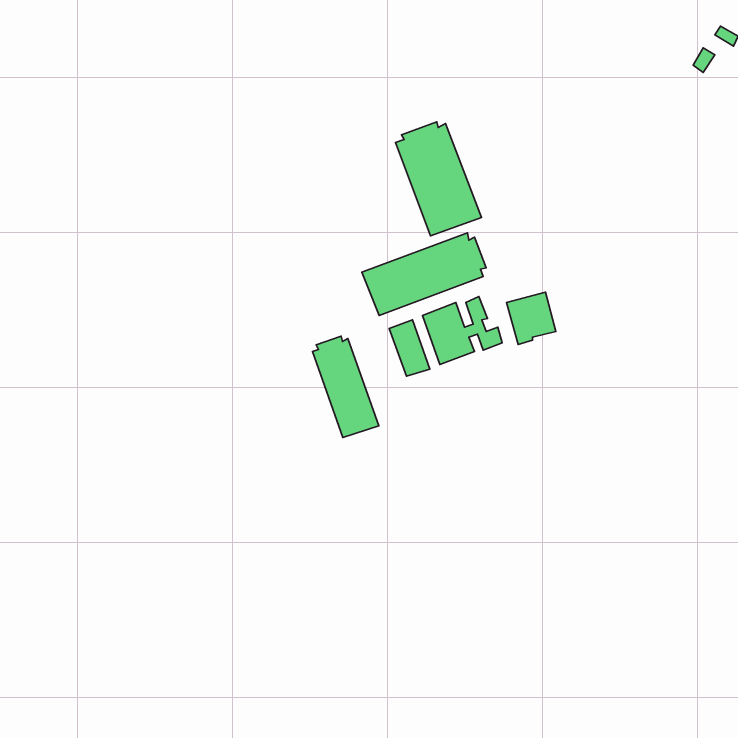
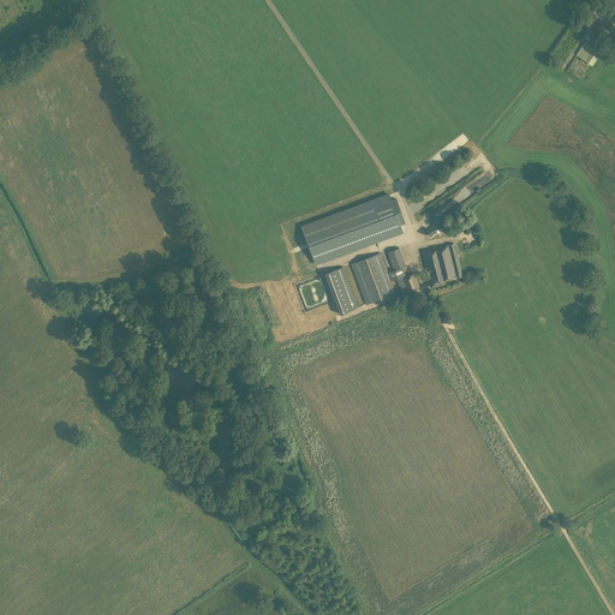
building: [396,122,482,236] -> none
building: [312,336,379,438] -> none

